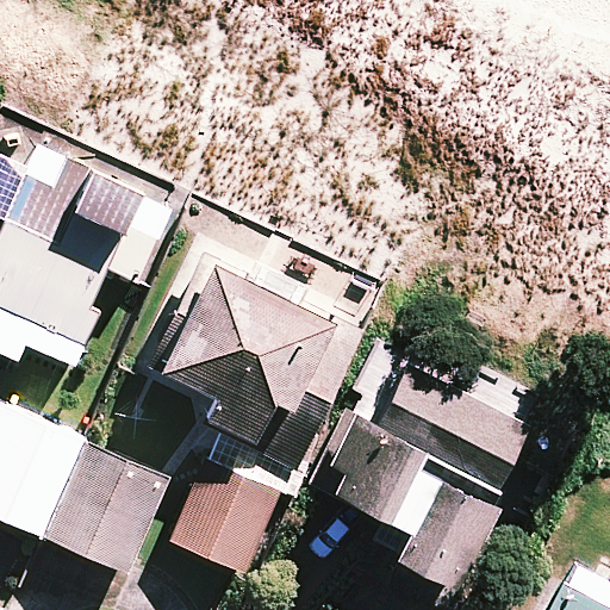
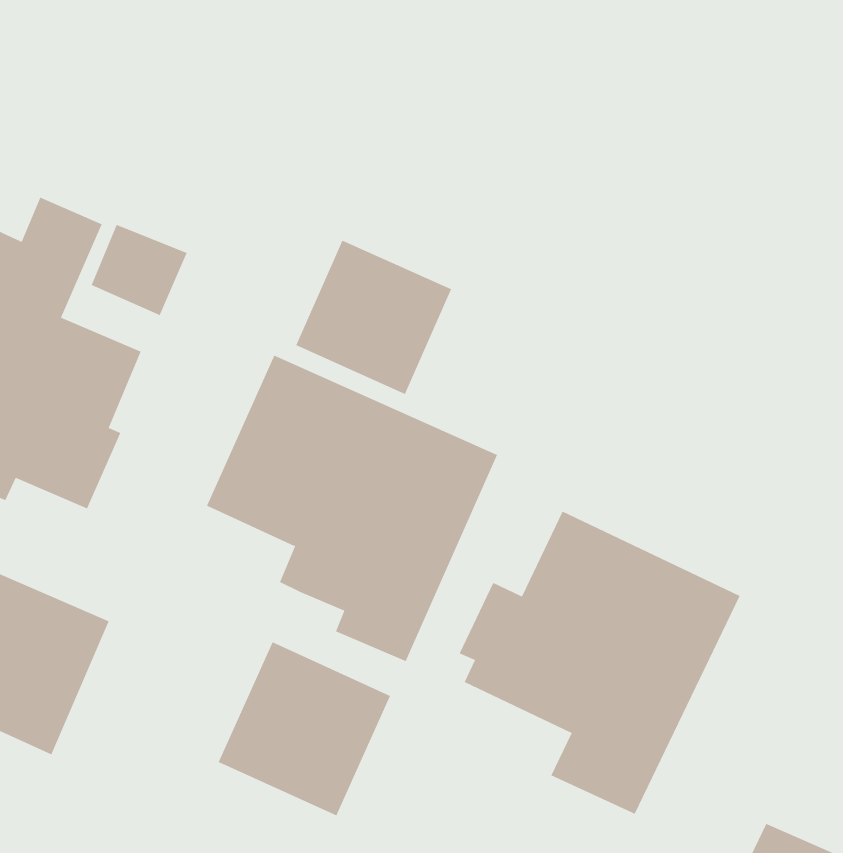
building: none -> [295,240,452,395]
building: [48,446,167,573] -> none

